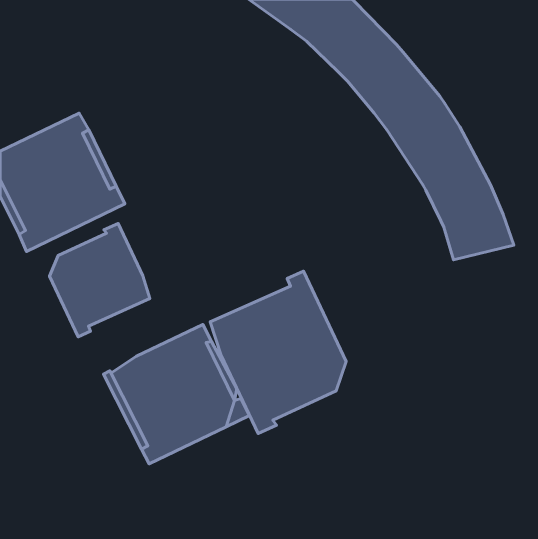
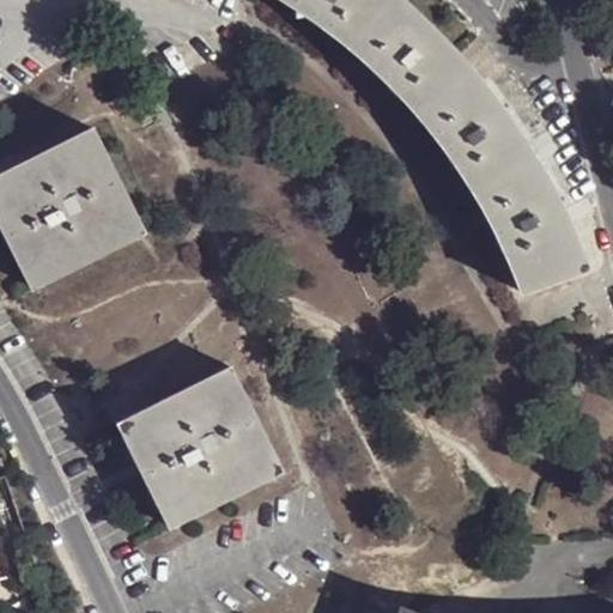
building: [50,223,150,337] -> none
building: [210,271,346,433] -> none

